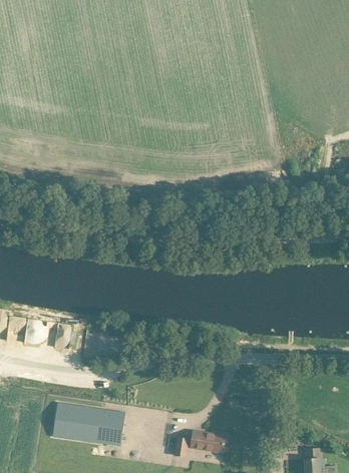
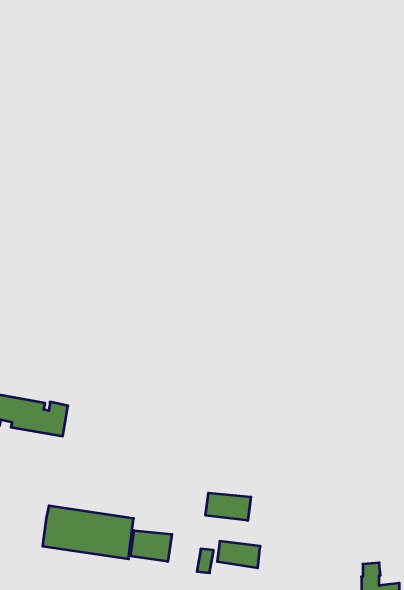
building: none -> [206,493,251,521]
building: none -> [130,530,172,562]

